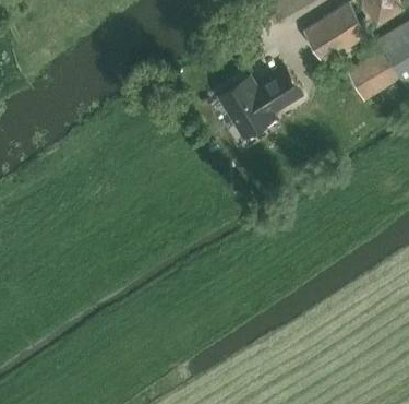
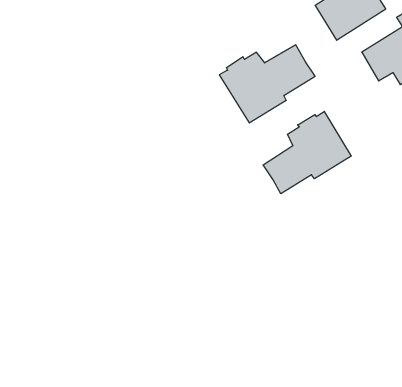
building: none -> [263,111,351,194]

